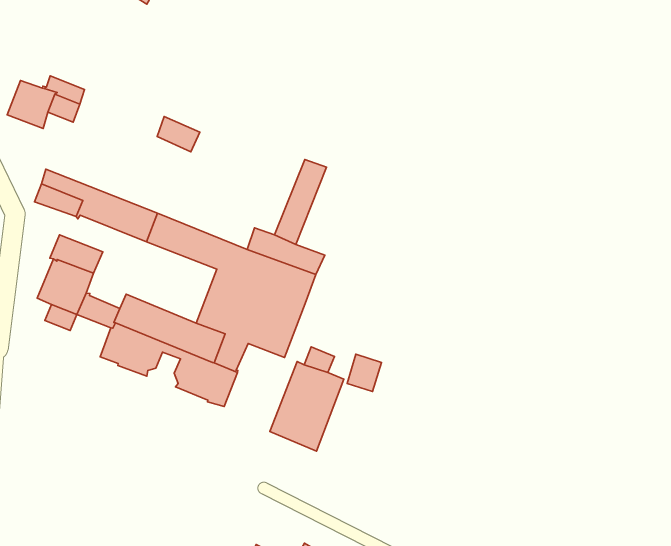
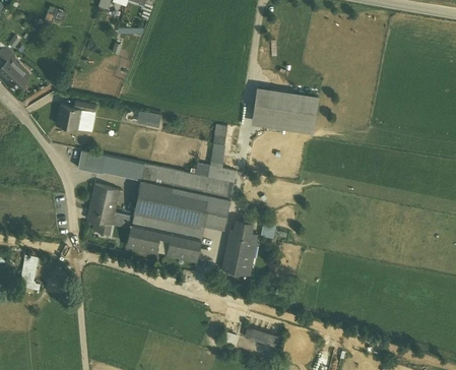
building: none -> [253,88,317,133]
building: none -> [135,181,181,220]

